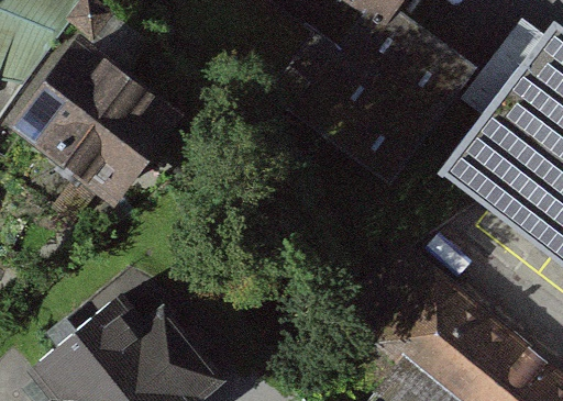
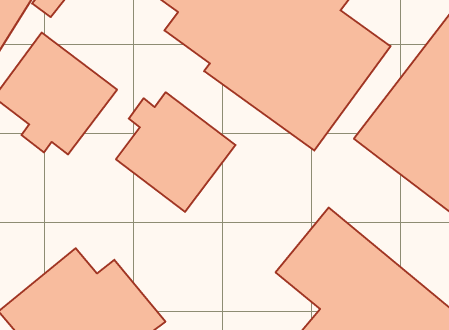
building: none -> [116,92,236,212]

